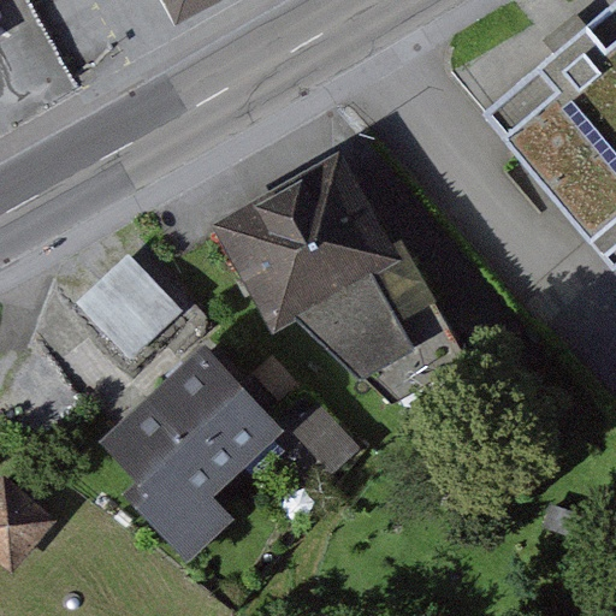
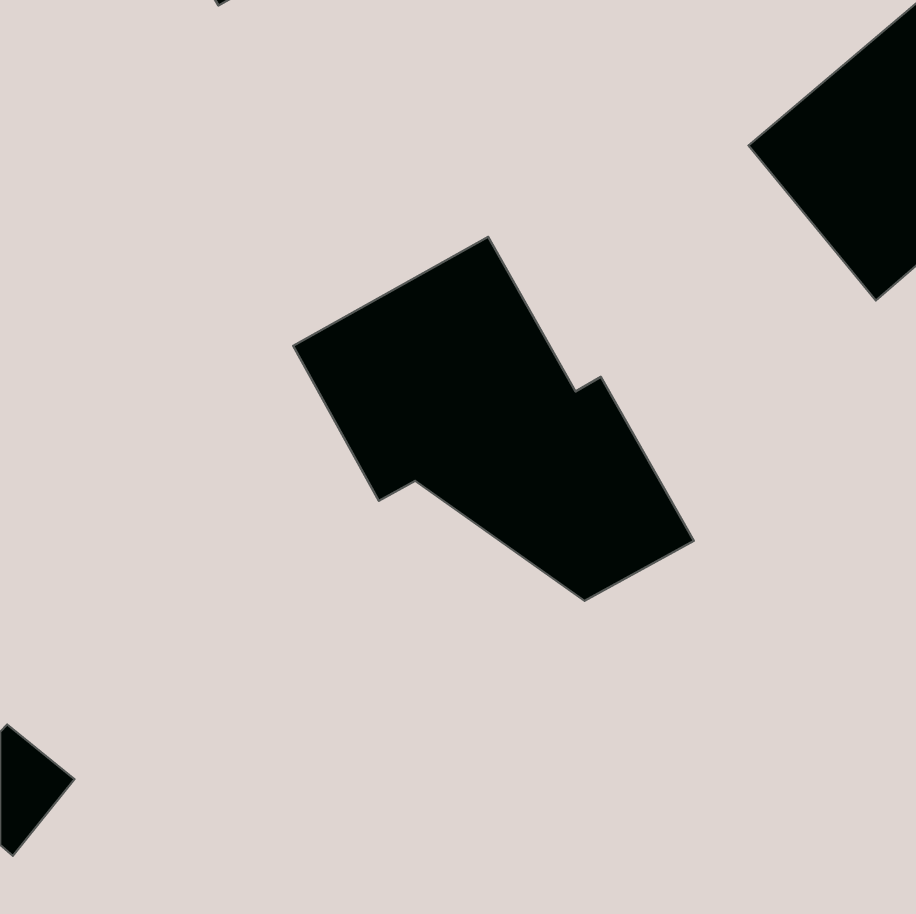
building: [90,238,200,346] -> none
building: [83,353,280,568] -> none

